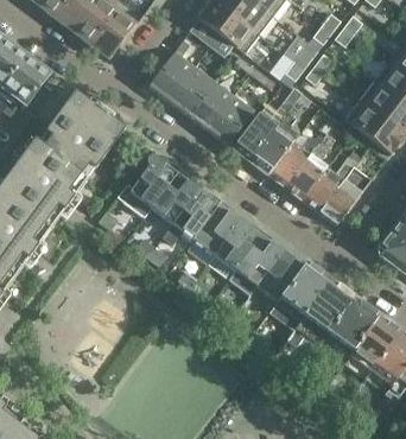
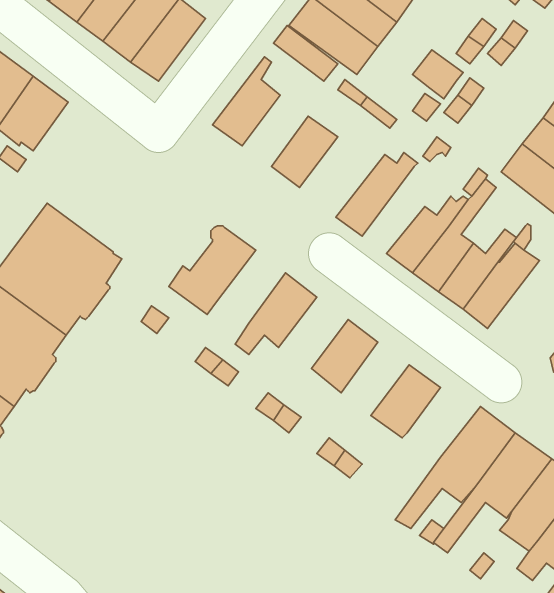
building: [167,66,212,115] -> none
building: [37,83,123,173] -> none
building: [207,95,253,145] -> none
building: [249,115,294,174] -> none
building: [151,172,197,222] -> none
building: [192,204,240,253] -> none
building: [228,235,281,294] -> none
building: [277,261,330,337] -> none

